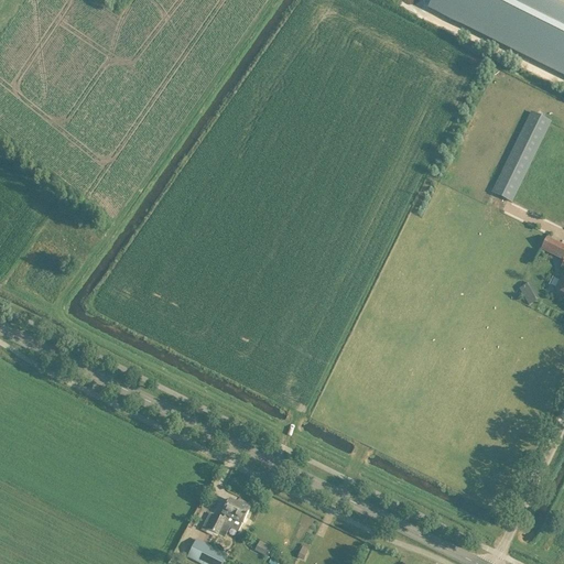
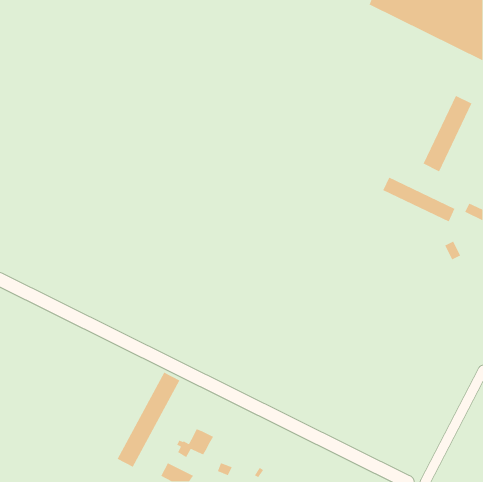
building: none -> [382,177,456,223]
building: none -> [116,372,180,468]

